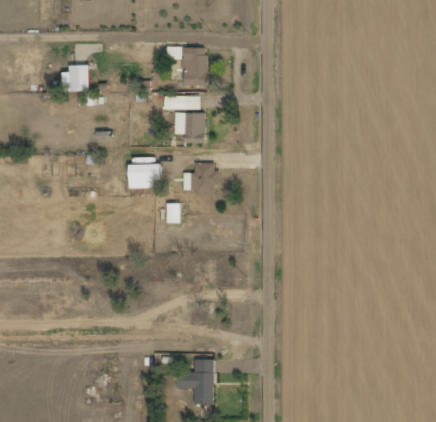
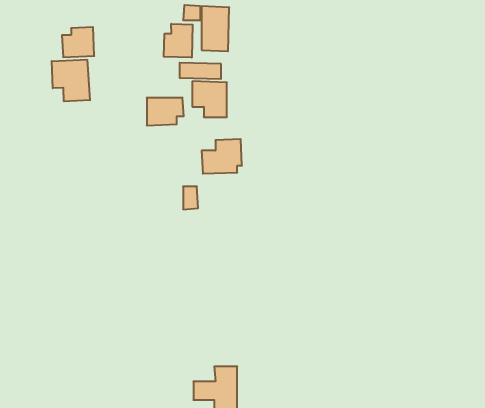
building: none -> [164,24,193,58]
building: none -> [52,60,90,101]
building: [129,164,161,188] -> [147,98,184,125]

